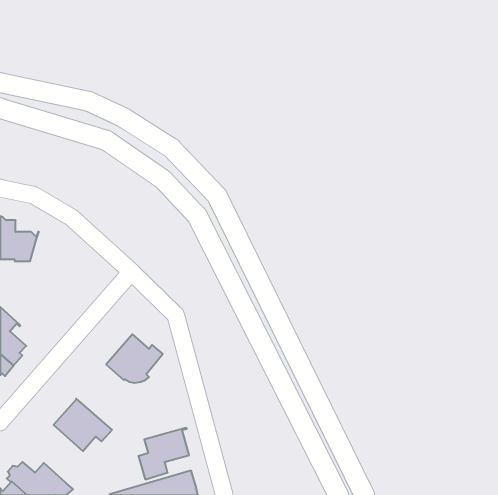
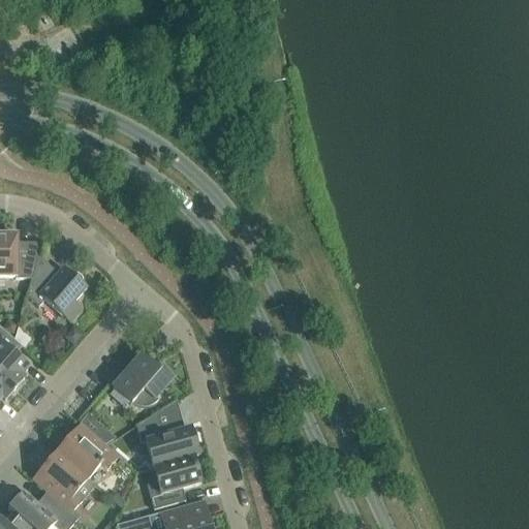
building: none -> [27,254,87,321]
building: none -> [136,400,197,466]
building: none -> [32,450,95,512]

